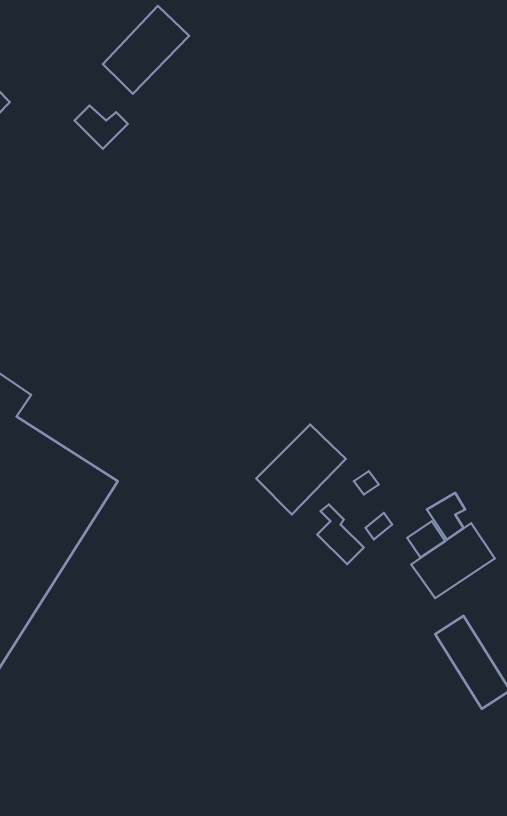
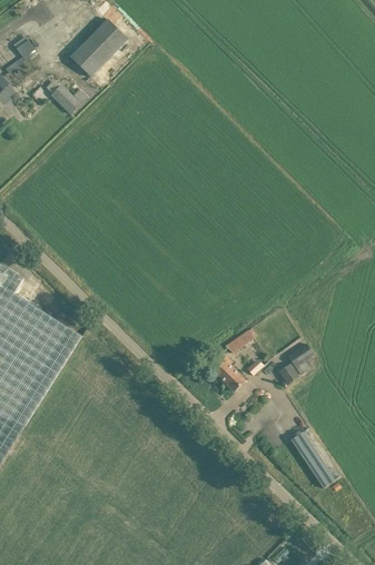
building: [256,425,346,514] -> none
building: [411,523,495,598] -> none

